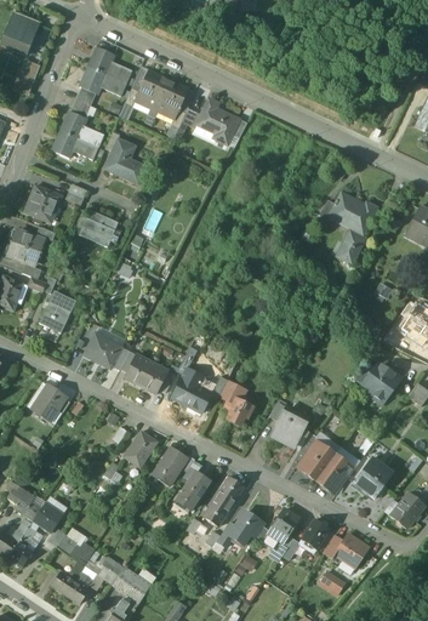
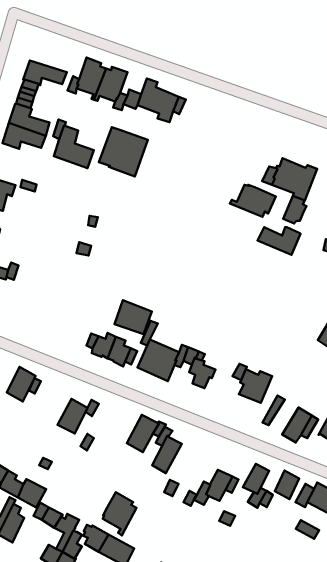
building: [89,46,131,82] -> none
building: none -> [99,127,148,177]
building: [79,210,121,246] -> none
building: none -> [230,185,276,217]
building: none -> [257,227,300,255]
building: [39,291,76,334] -> none
building: [84,329,124,366] -> [115,300,152,334]
building: [124,431,156,467] -> [58,399,87,434]
building: [302,444,335,480] -> none
building: [204,477,244,525] -> none
building: none -> [103,492,137,535]

